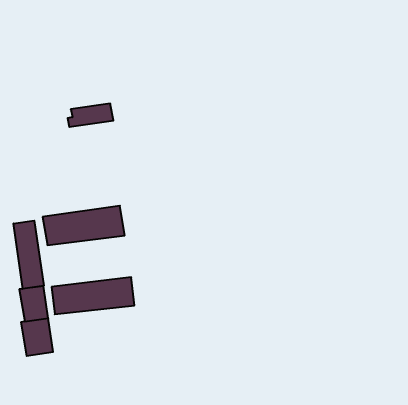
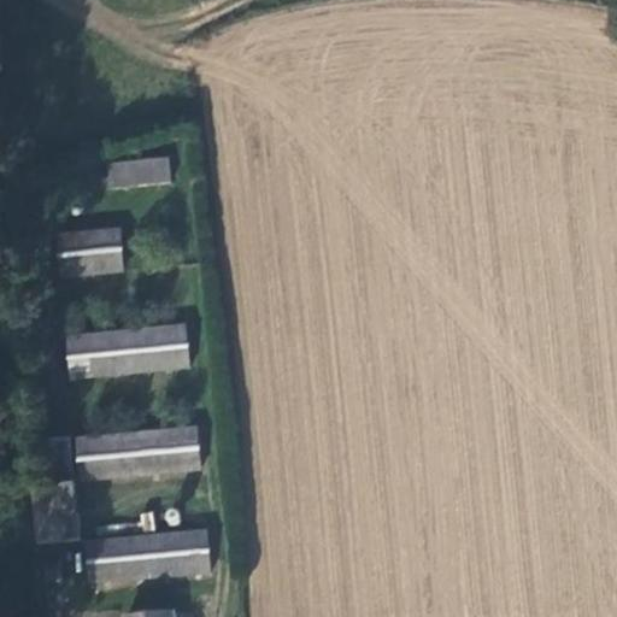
building: none -> [59,239,122,288]
building: [14,221,44,289] -> none
building: none -> [92,525,213,580]

